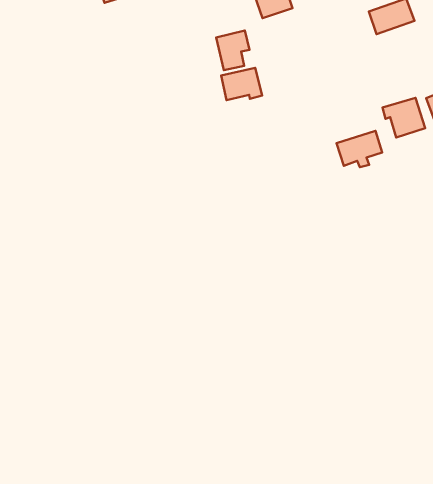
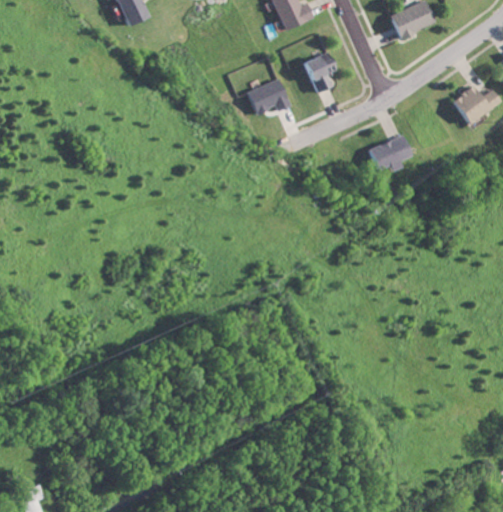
building: [216,30,249,70] -> [304,52,338,93]
building: [382,98,425,138] -> none

